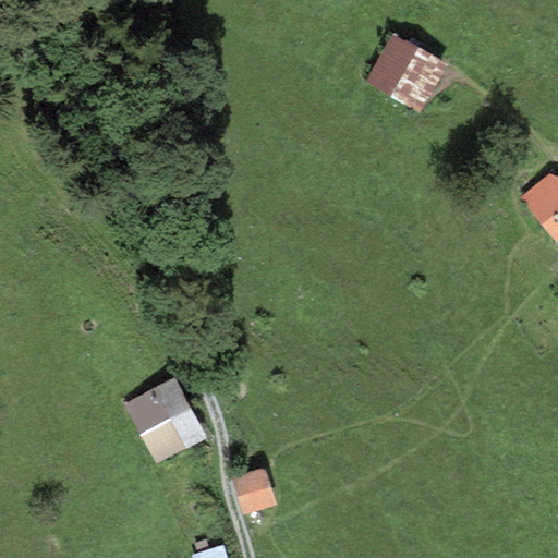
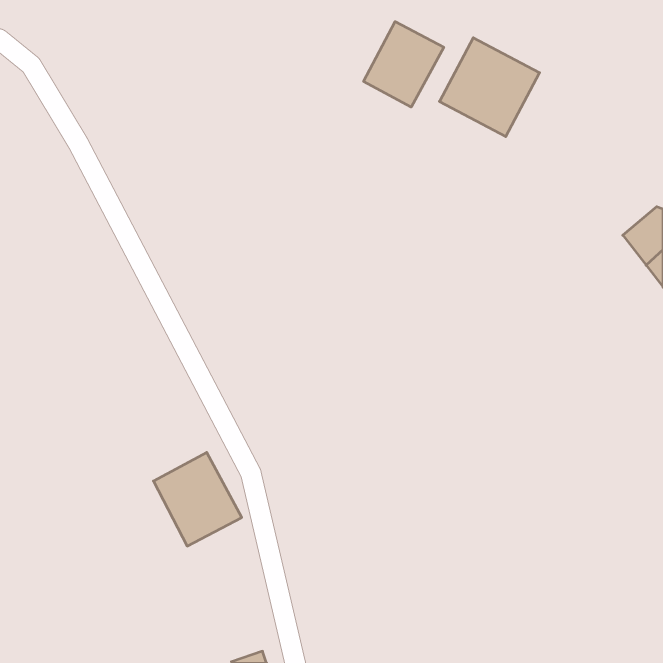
building: none -> [364,22,444,107]
building: [235,469,272,509] -> none

